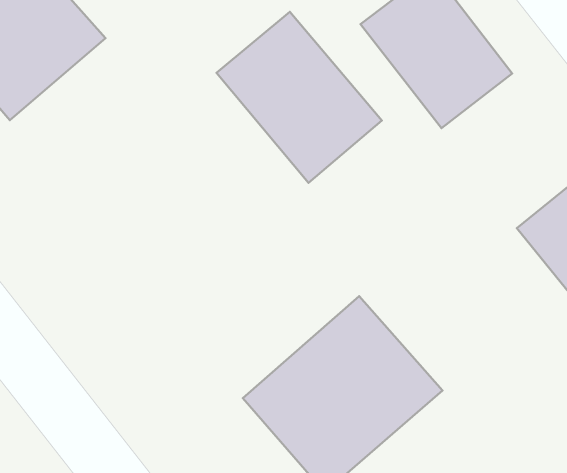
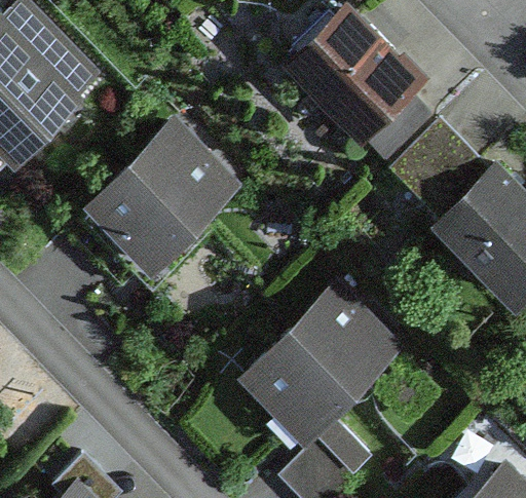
building: [217,12,382,183] -> none
building: none -> [89,137,237,284]

